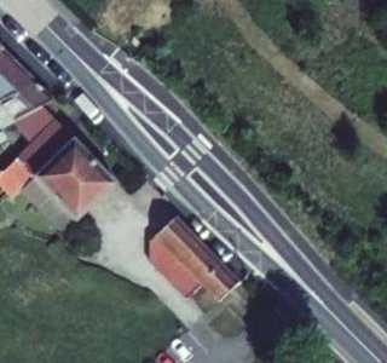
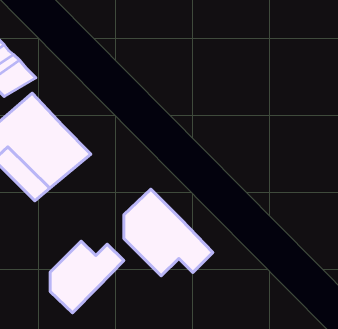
building: none -> [50,241,124,313]

